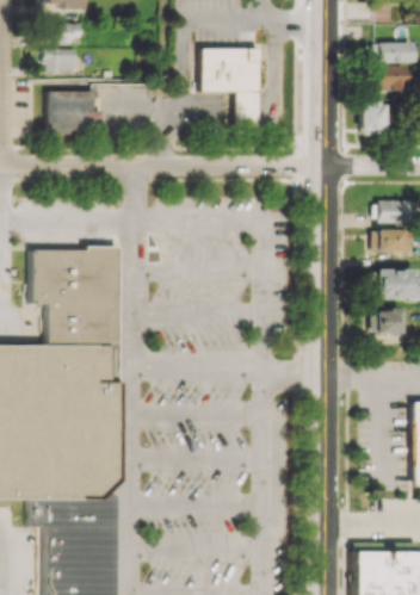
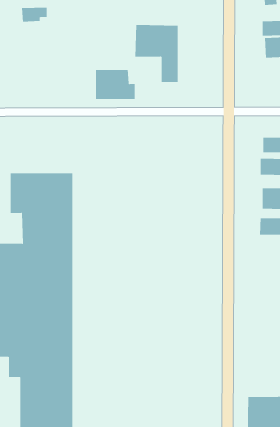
building: [48,48,80,72] -> none
building: [50,91,105,131] -> [95,70,135,99]
building: [362,101,385,134] -> none

